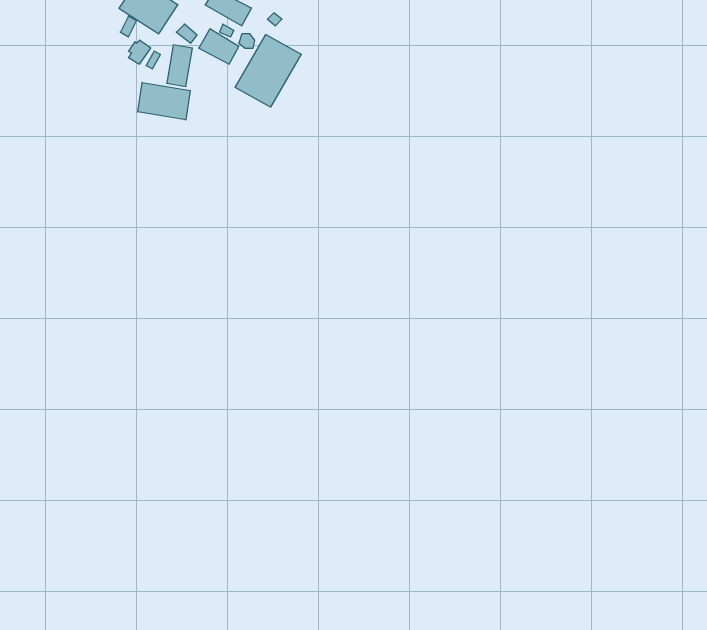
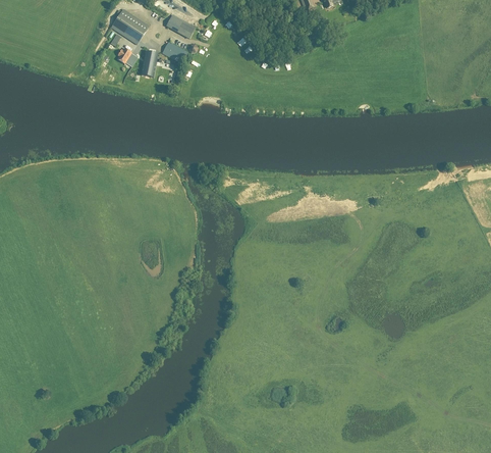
building: [235,35,301,107] -> none
building: [138,82,190,120] -> none

